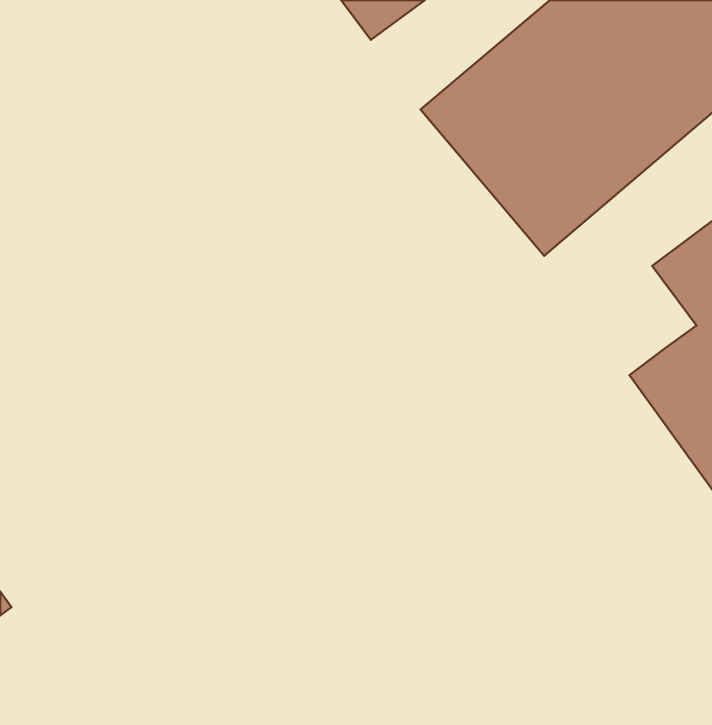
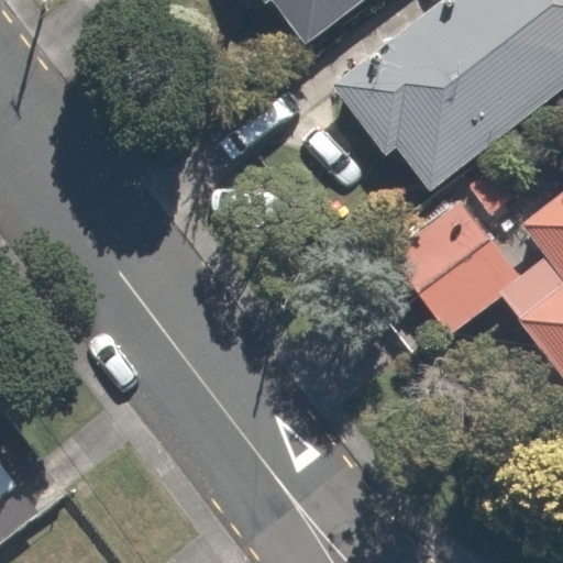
building: none -> [390,185,526,323]

